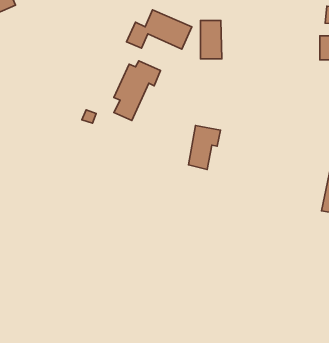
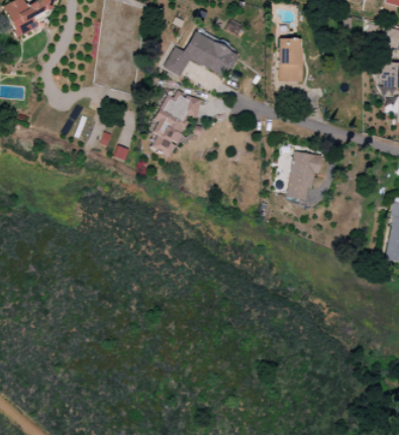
building: [200,20,222,59] -> [279,38,303,82]
building: [188,126,221,169] -> [286,151,322,201]

